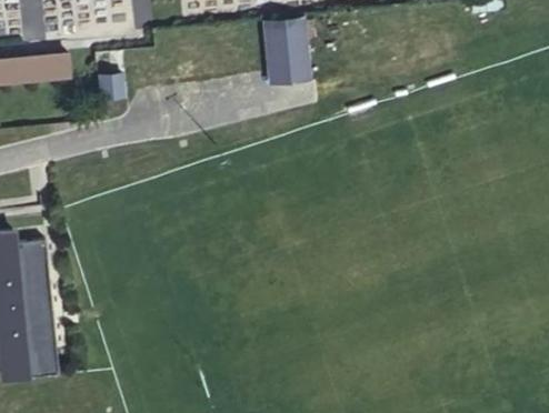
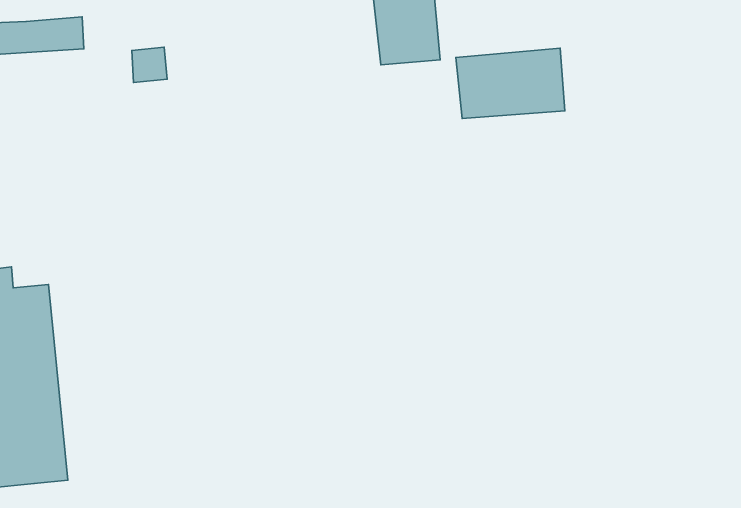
building: none -> [456,48,565,119]

